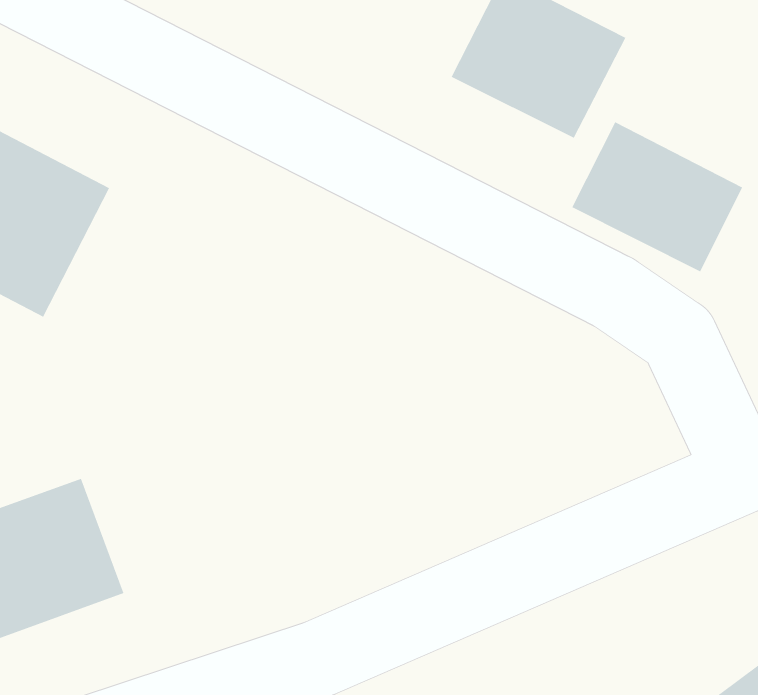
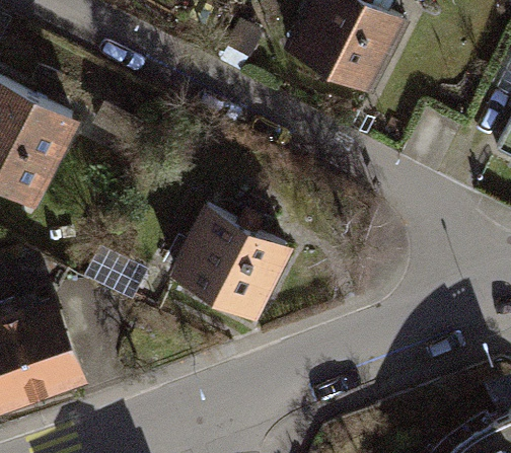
building: [571,121,743,273] -> none
building: none -> [175,213,287,318]

